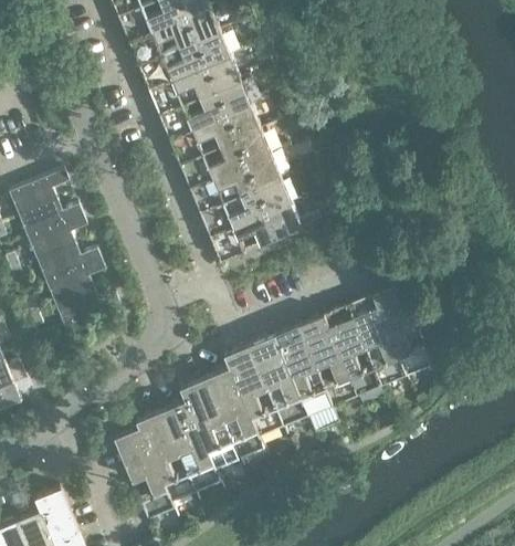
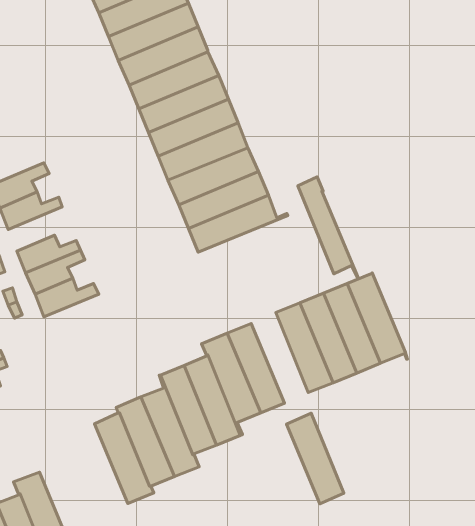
building: none -> [298,177,359,279]
building: [27,216,86,261] -> none
building: [275,324,334,417] -> [286,413,344,504]

